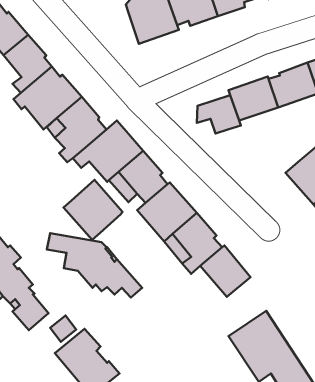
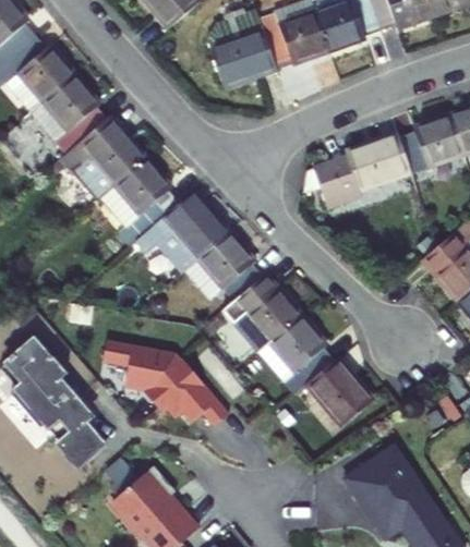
building: [63,180,123,240] -> none

